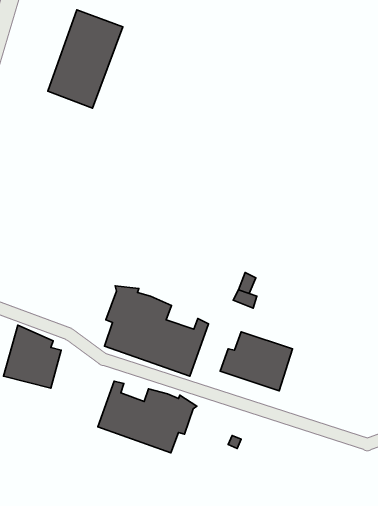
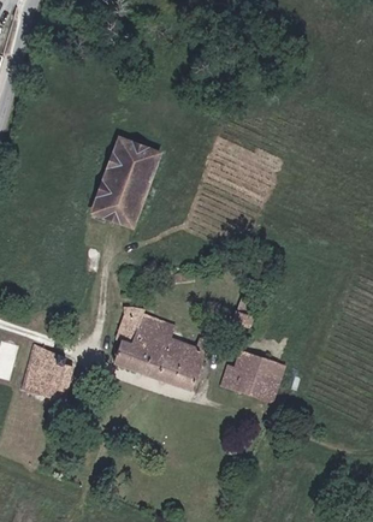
building: [48,10,123,108] -> [90,137,159,227]
building: [98,381,197,453] -> none

